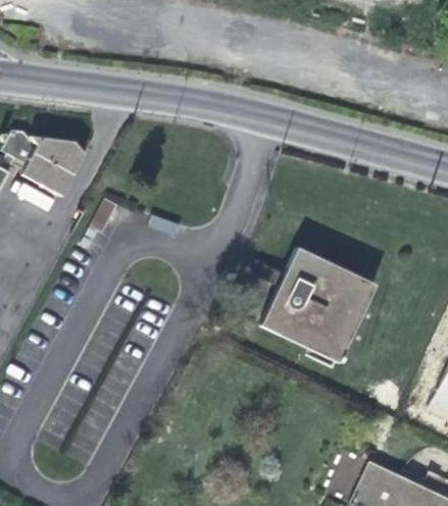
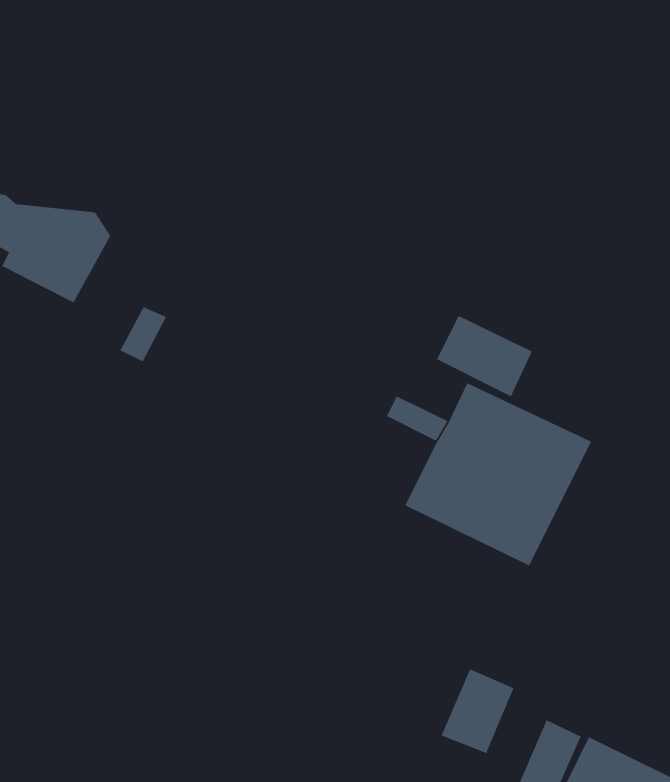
building: none -> [436,315,532,397]
building: none -> [441,668,514,754]

